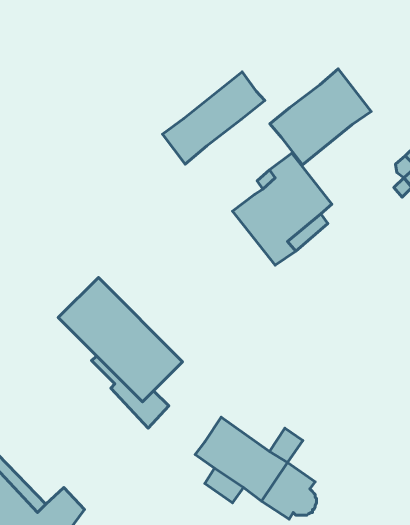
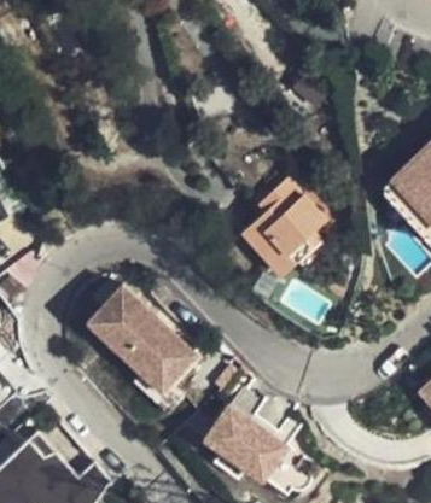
building: [270,69,371,165] -> none
building: [163,72,265,164] -> none

